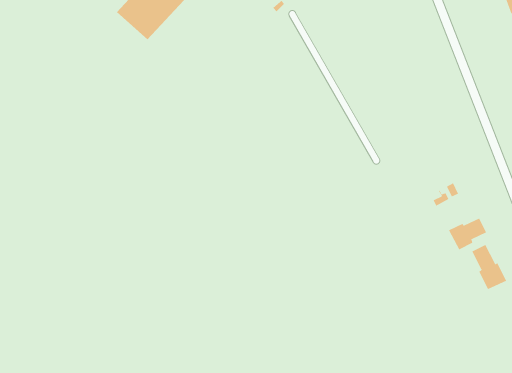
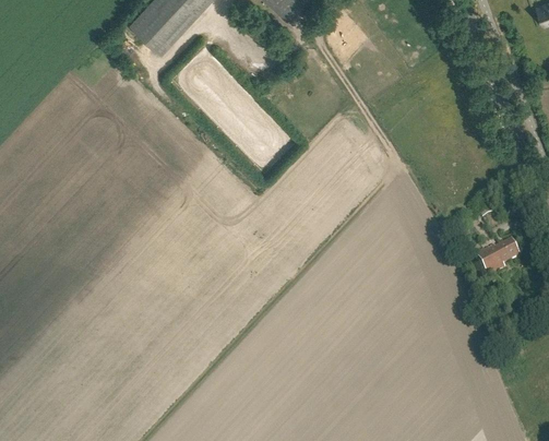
building: [472,244,507,290] -> none

